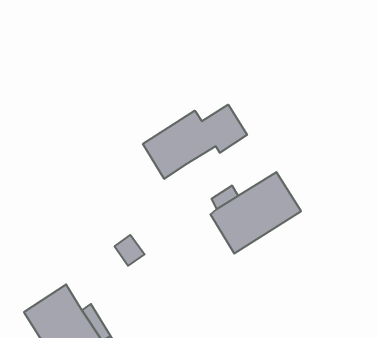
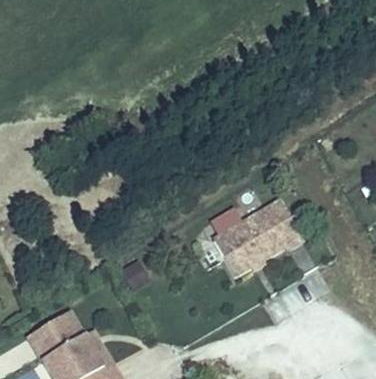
building: [143,105,247,179] -> none

